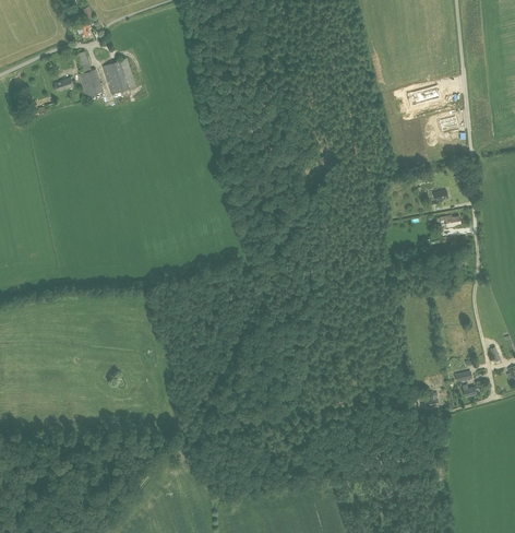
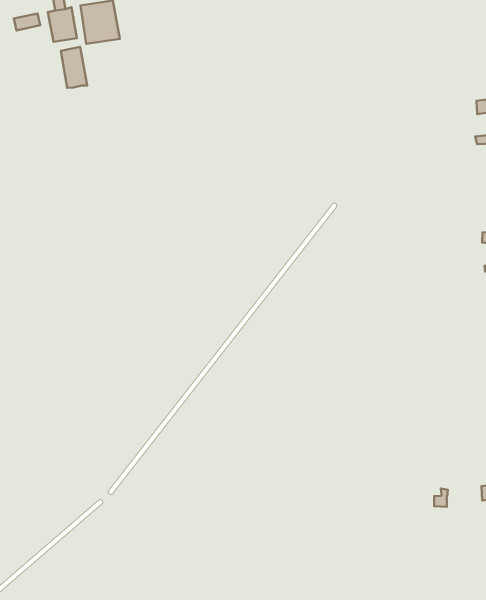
building: none -> [61,47,87,88]

